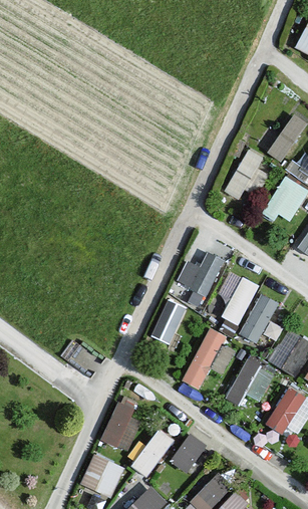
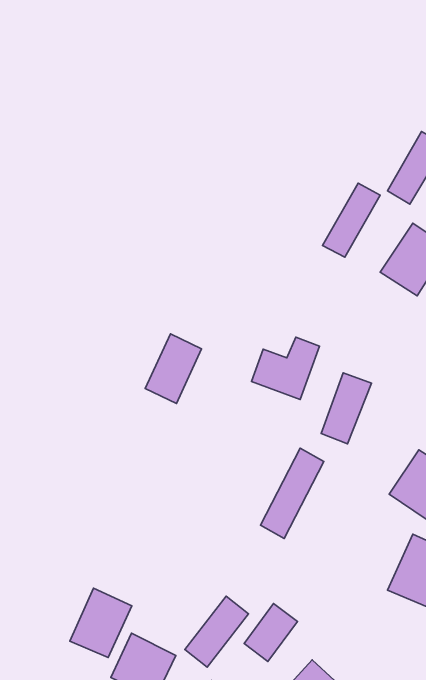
building: [239,293,278,343] -> none
building: [149,299,188,346] -> [145,334,201,403]
building: [230,361,271,406] -> none
building: [100,405,142,452] -> [70,588,132,658]

